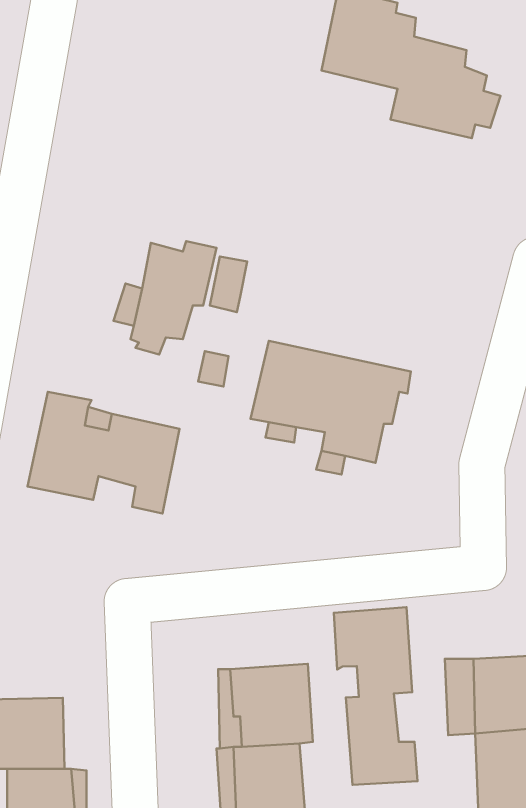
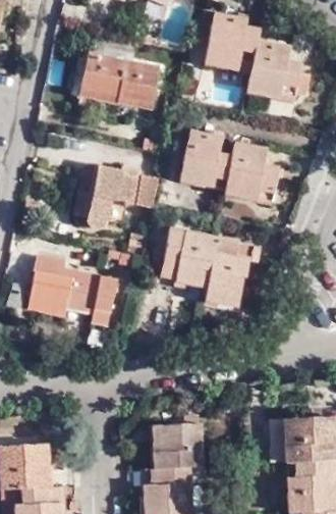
building: none -> [79,52,159,111]
building: none -> [178,126,278,203]
building: [334,607,417,785] -> none

